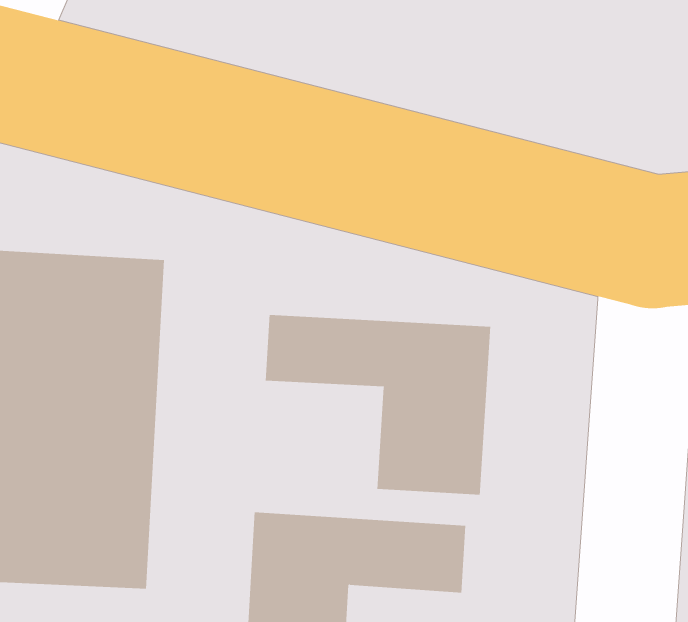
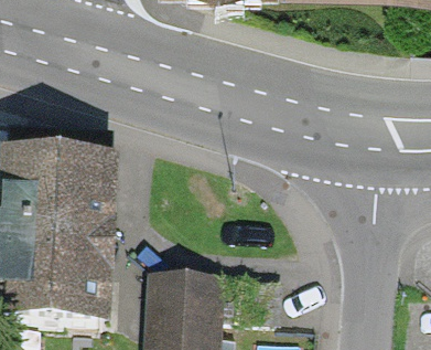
building: [265,314,491,496] -> none

